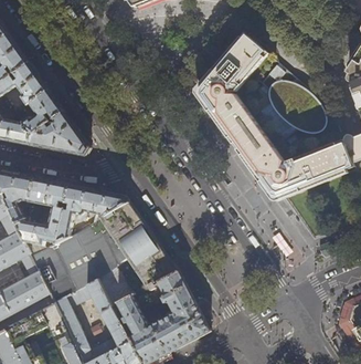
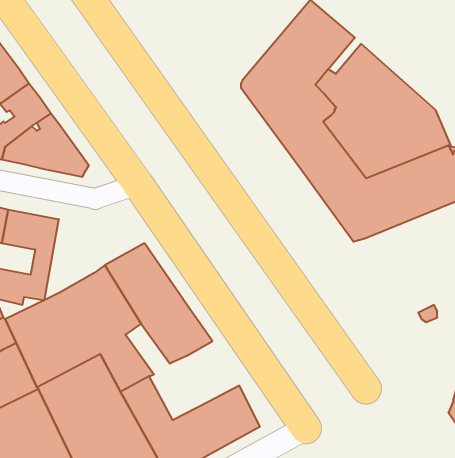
building: [57,186,127,242] -> none
building: [146,270,193,313] -> none

